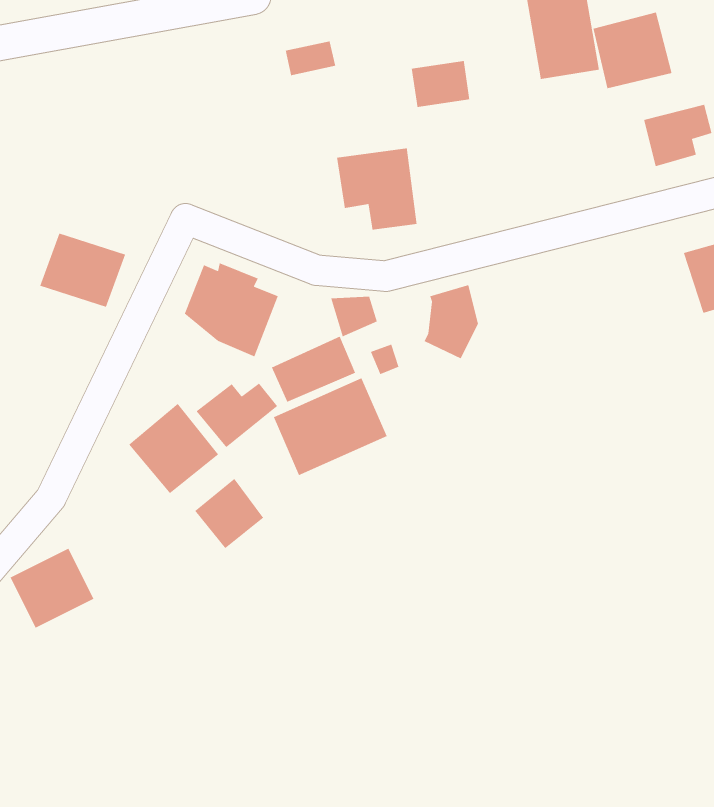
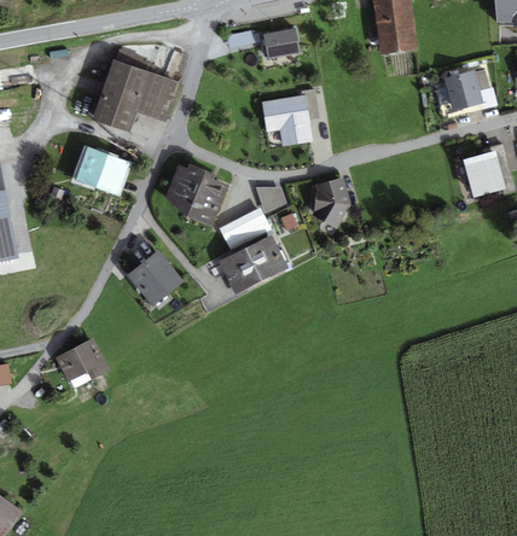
building: [593,11,672,89] -> none
building: [411,60,470,108] -> [260,28,296,57]
building: none -> [93,52,174,127]
building: [196,382,278,448] -> none
building: [194,478,264,549] -> none

